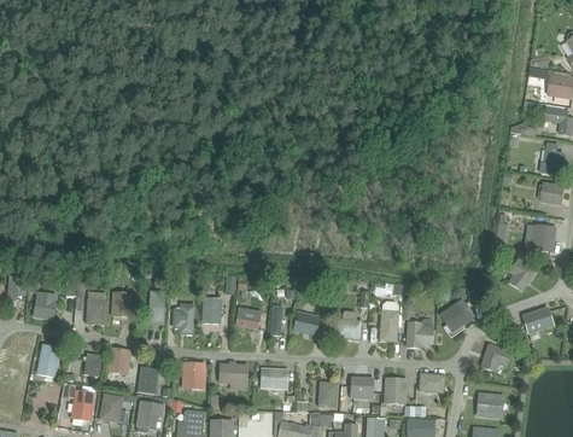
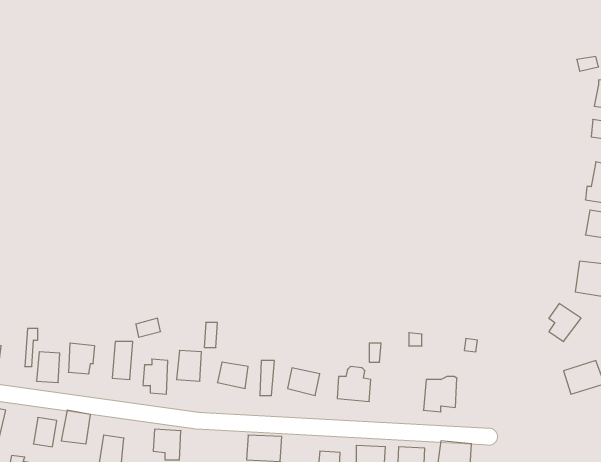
building: [439,299,474,334] -> none
building: [379,302,399,343] -> none
building: [480,344,511,373] -> none
building: [218,365,249,384] -> none

